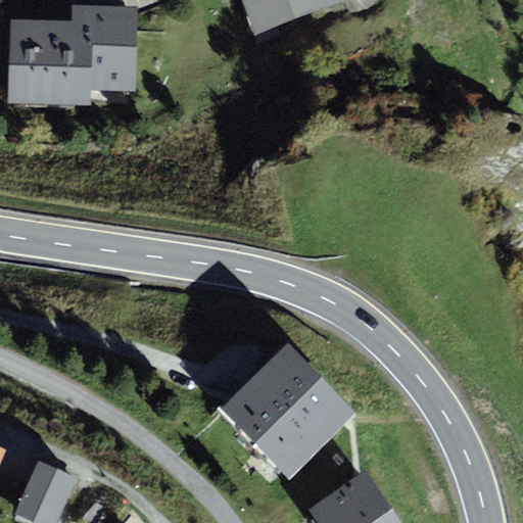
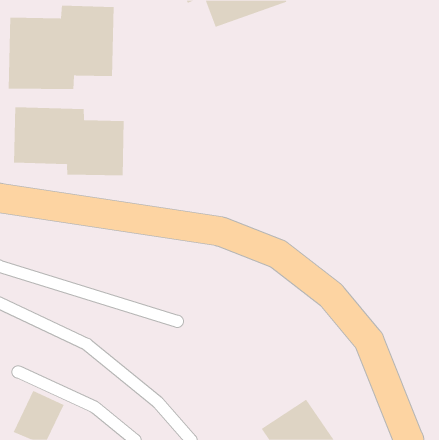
building: none -> [13,106,124,176]
building: [223,346,351,475] -> none

